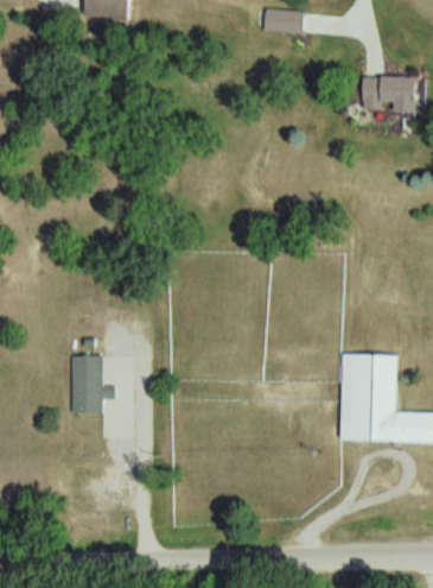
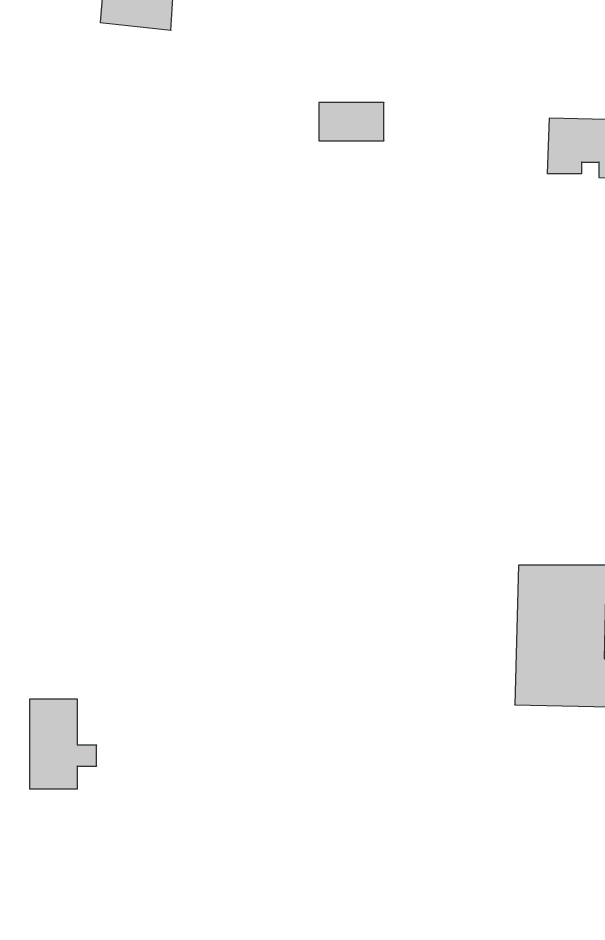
building: [263,10,304,33] -> [319,103,384,141]
building: [71,358,113,413] -> [30,699,97,789]

